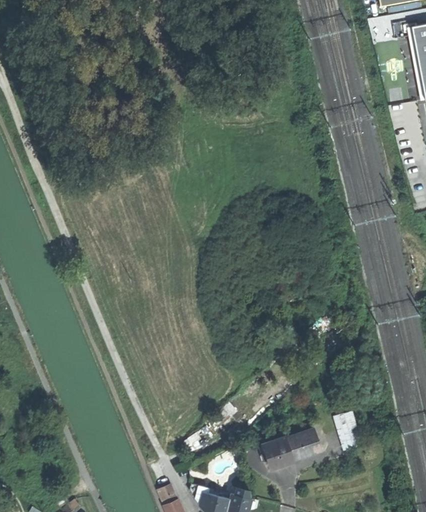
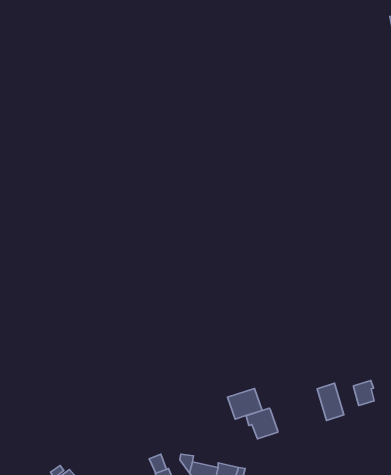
building: none -> [353,381,374,405]
building: [284,429,320,461] -> [228,388,262,419]

